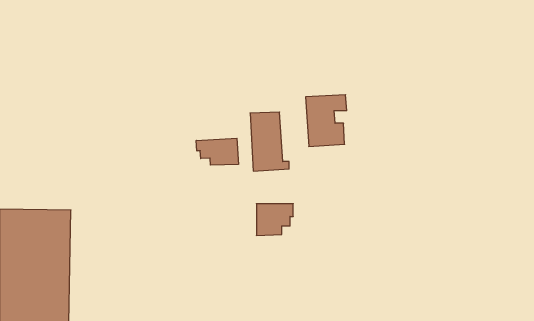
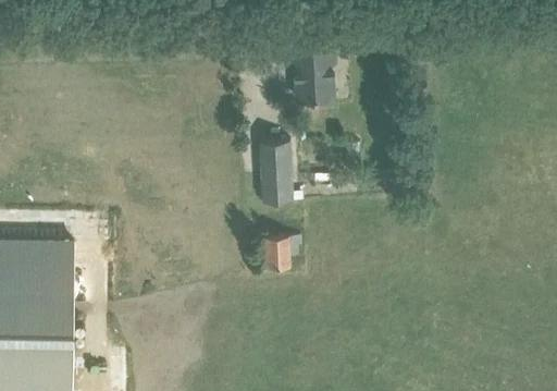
building: [306,95,347,146] -> [294,51,336,105]
building: [196,138,238,165] -> none

